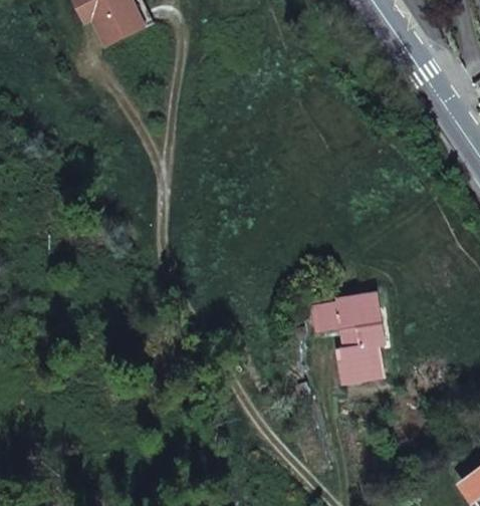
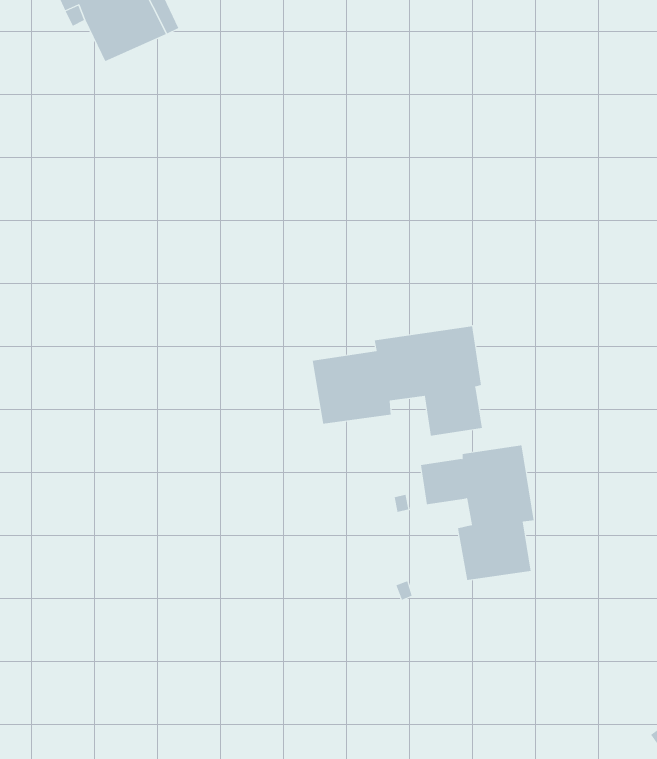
building: none -> [312,326,482,436]

